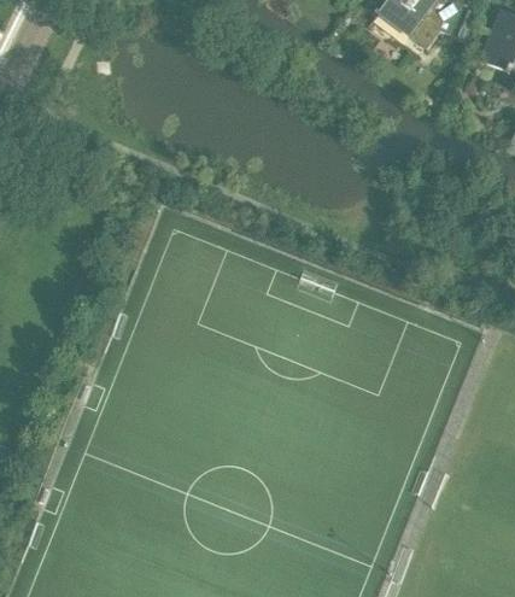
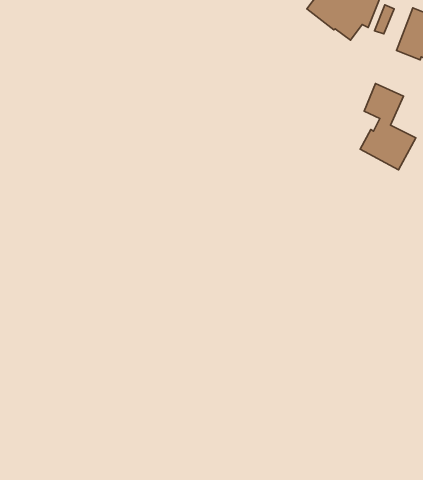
building: none -> [360,83,416,170]

